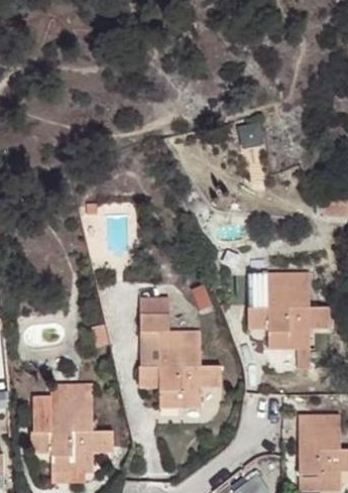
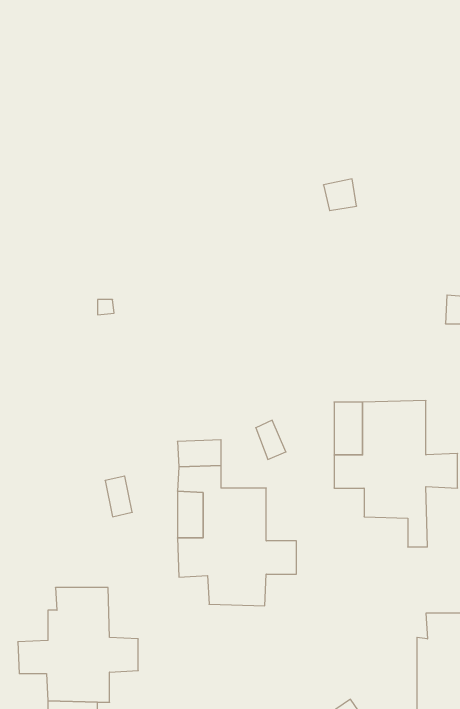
building: [31,385,93,433] -> none

